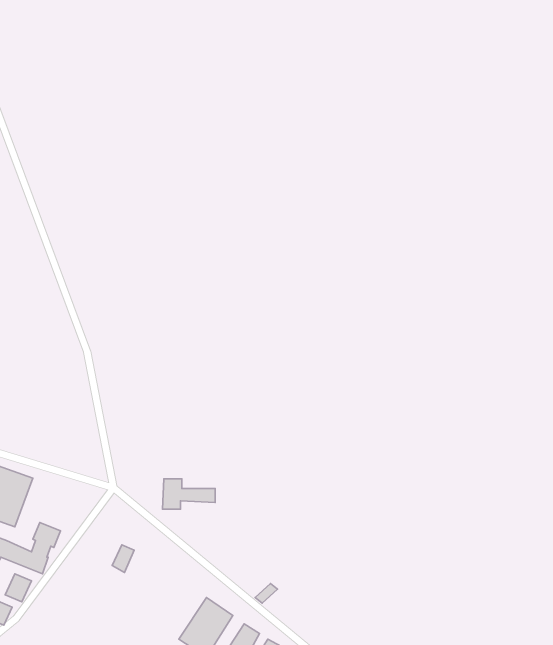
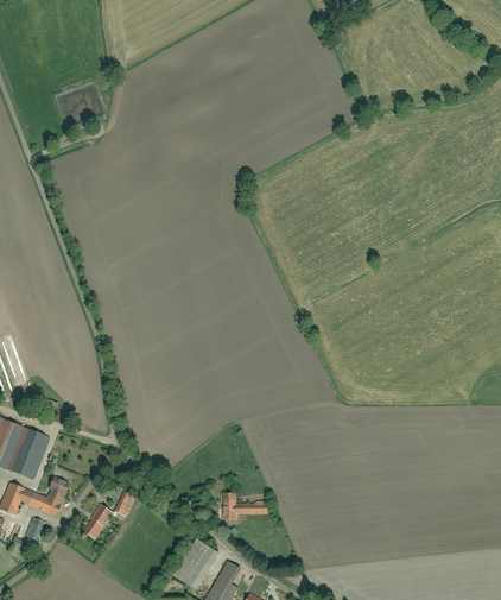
building: [162,479,215,509] -> [221,494,266,520]
building: none -> [83,503,113,539]

